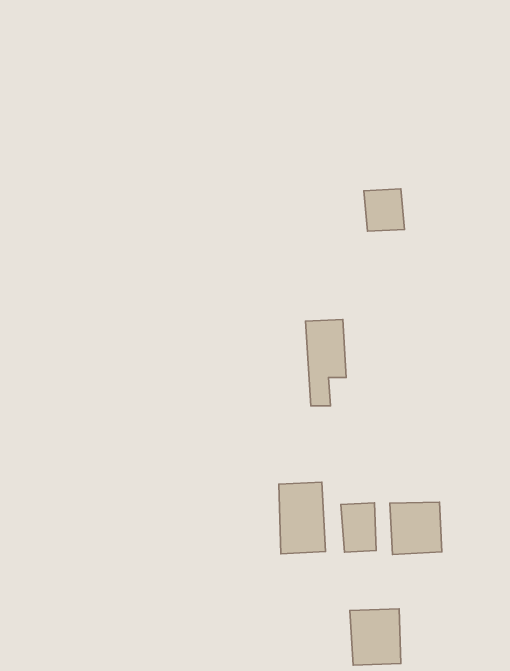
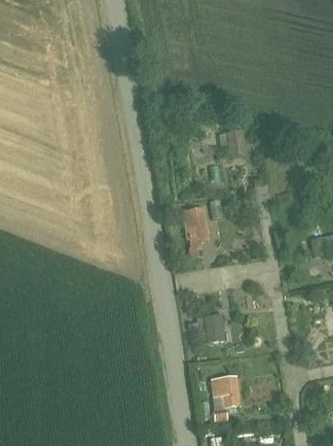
building: [279,482,326,554] -> none
building: [390,502,442,555] -> none

